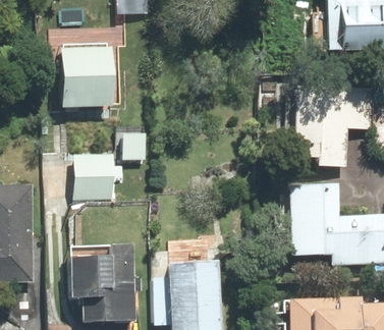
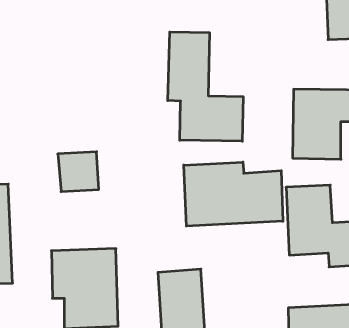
building: none -> [168,32,243,141]
building: [62,51,107,104] -> none
building: none -> [184,162,283,226]

